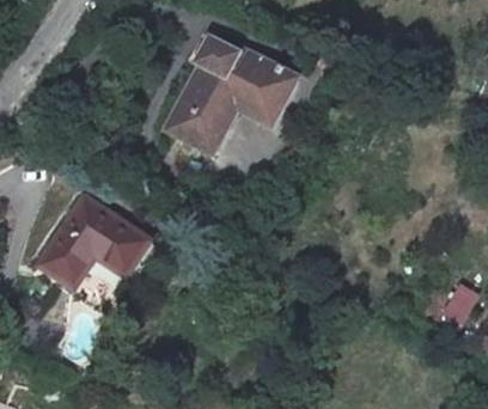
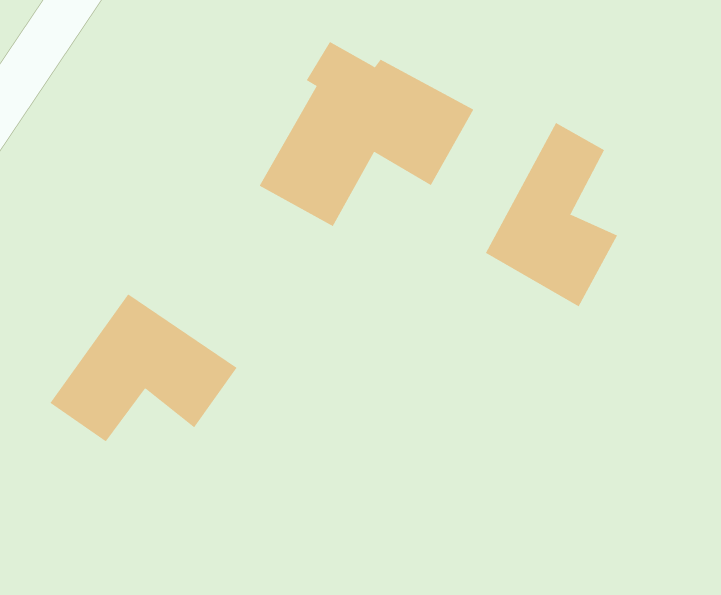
building: none -> [485,122,618,307]

